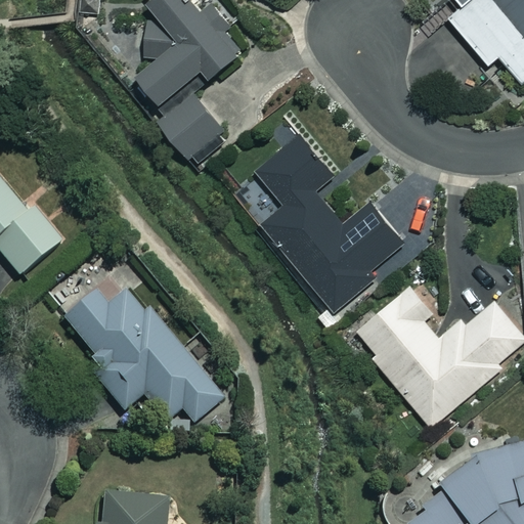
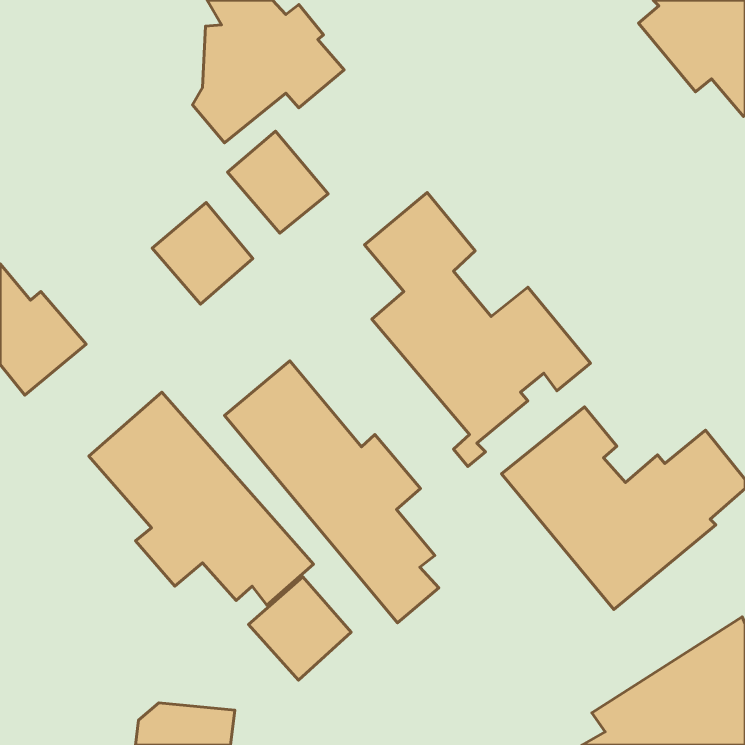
building: none -> [152,203,253,304]
building: none -> [224,361,439,623]
building: none -> [249,577,351,680]

